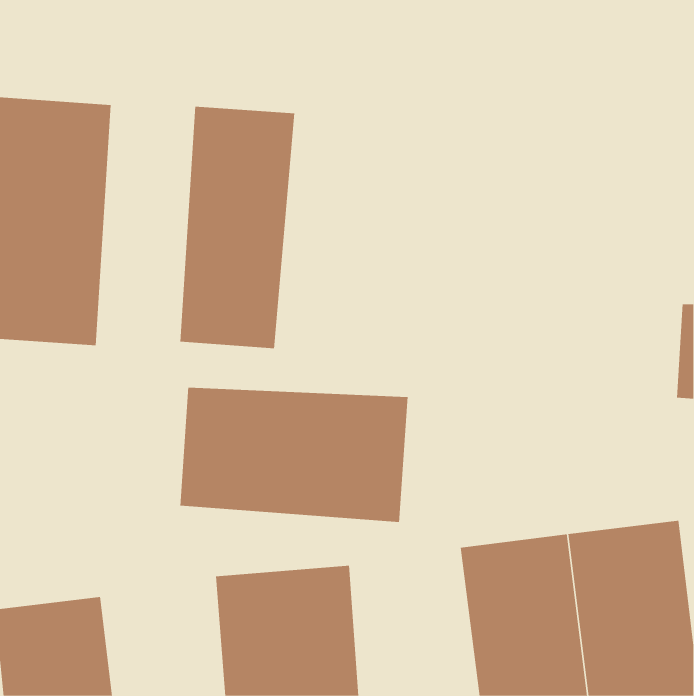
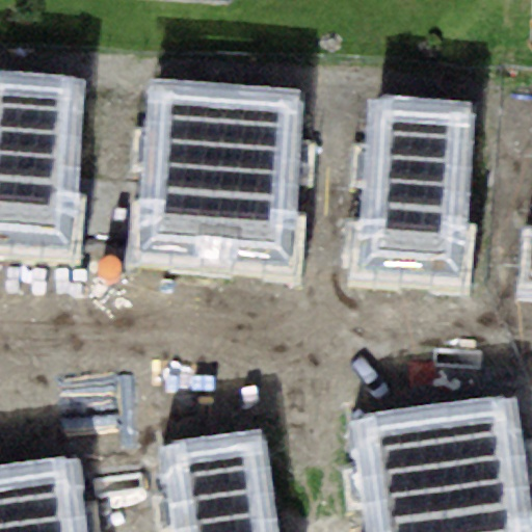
building: none -> [210,86,296,271]
building: none -> [355,95,472,284]
building: [180,387,408,523] -> none

